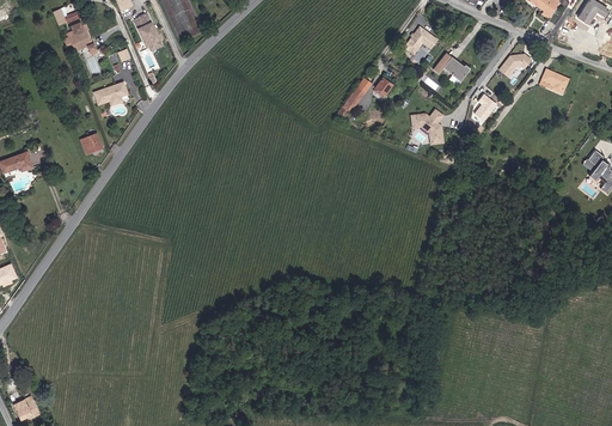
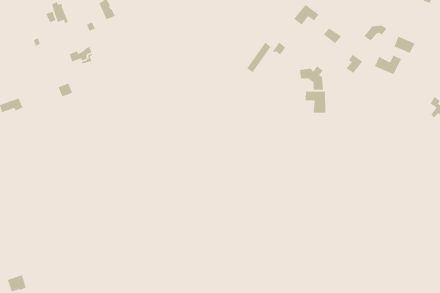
building: none -> [374,54,402,75]
building: none -> [305,91,326,113]

